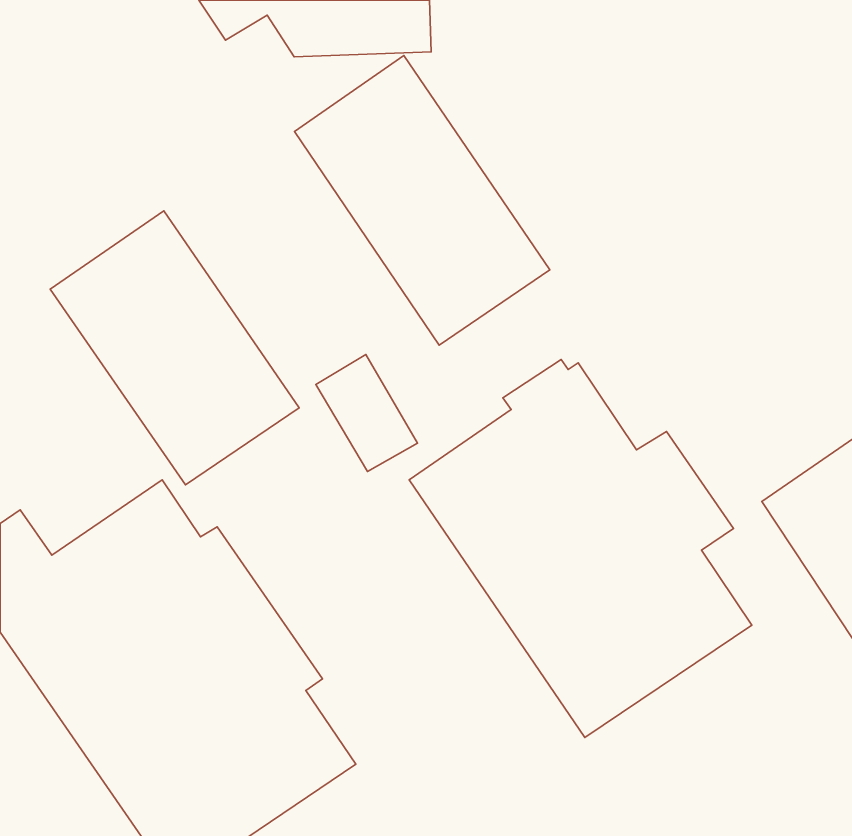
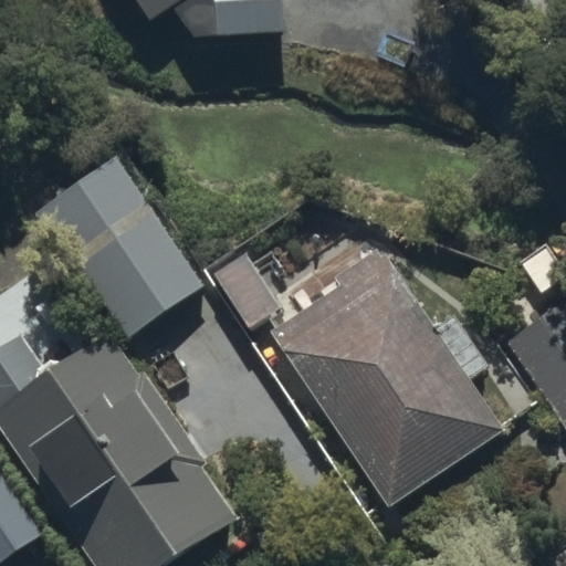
building: [295,56,550,345] -> none

